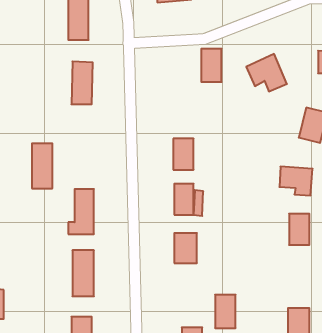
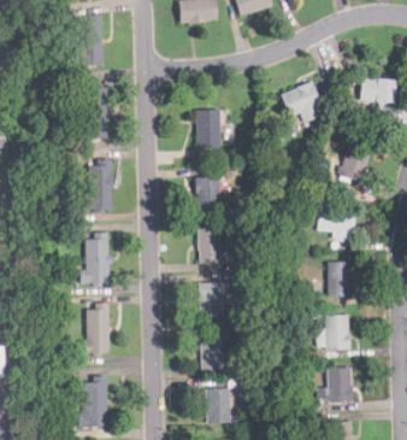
building: [201,49,222,82] -> [197,110,220,147]
building: [32,143,52,188] -> [88,160,111,211]
building: none -> [324,315,349,348]
building: [215,295,236,328] -> [201,334,224,371]

